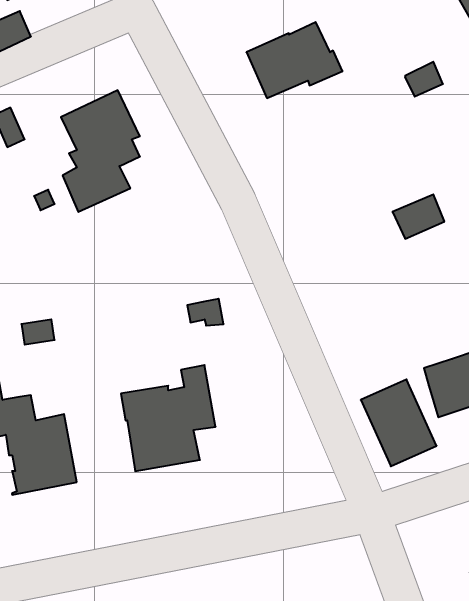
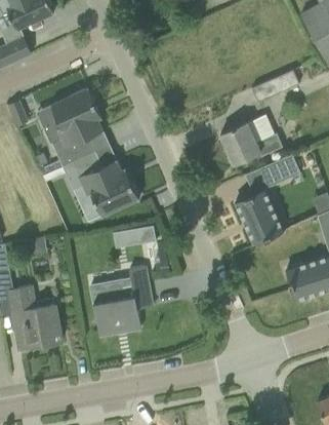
building: [246,22,343,98] -> [219,115,282,164]
building: none -> [61,152,138,216]
building: [361,379,437,466] -> [235,190,284,246]

